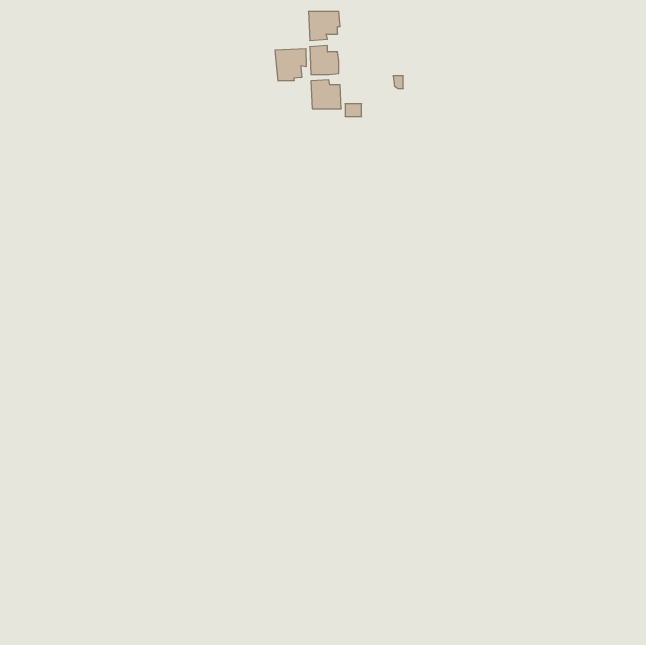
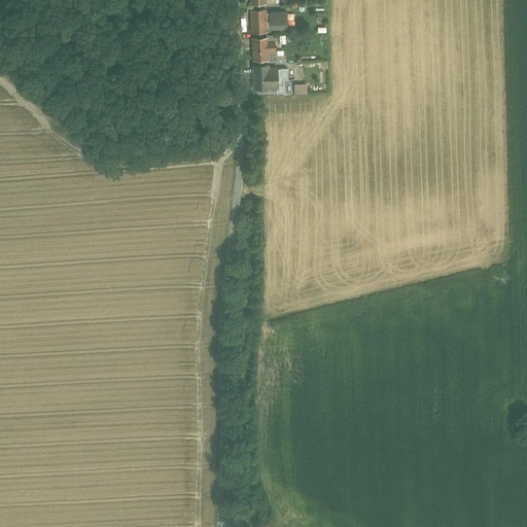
building: [275,49,306,81] -> none

